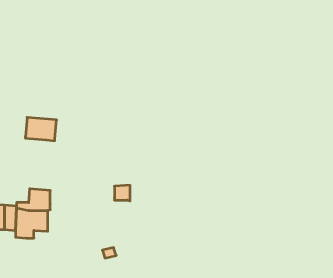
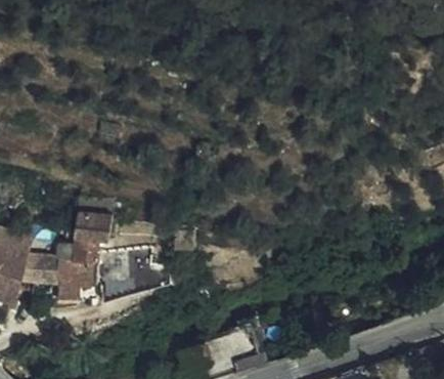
building: [25,117,57,141] -> [73,213,109,241]

